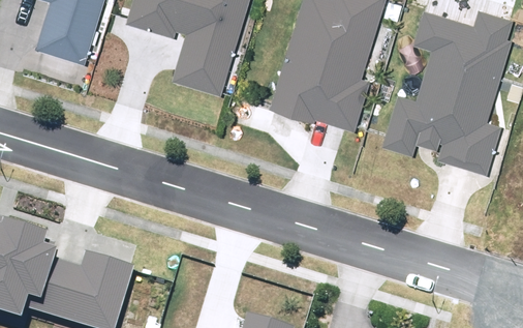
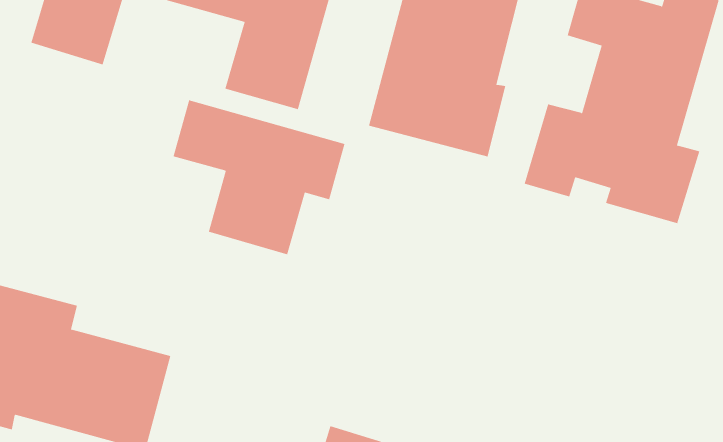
building: none -> [173,100,345,255]

